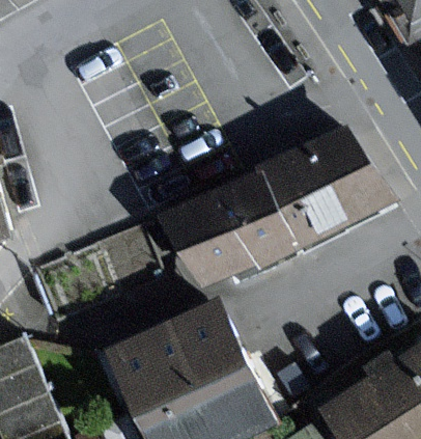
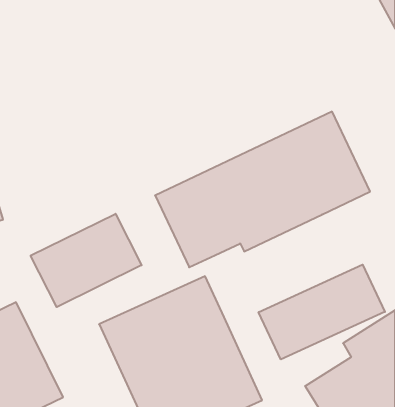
building: none -> [31,214,142,307]
building: none -> [259,265,385,359]

